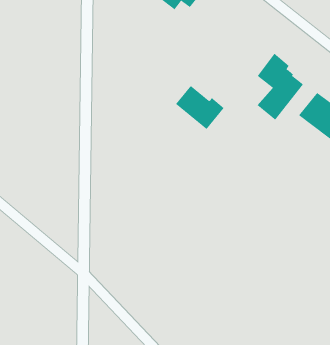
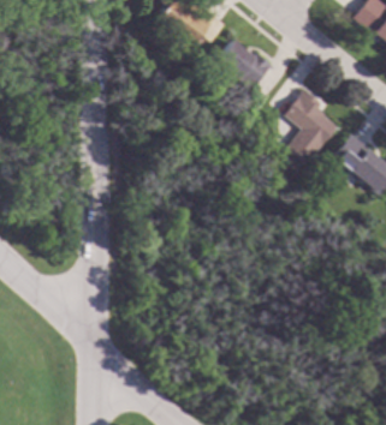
building: [175,85,224,130] -> [216,40,271,89]

